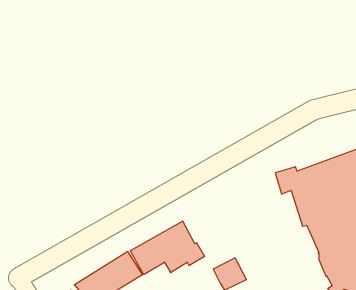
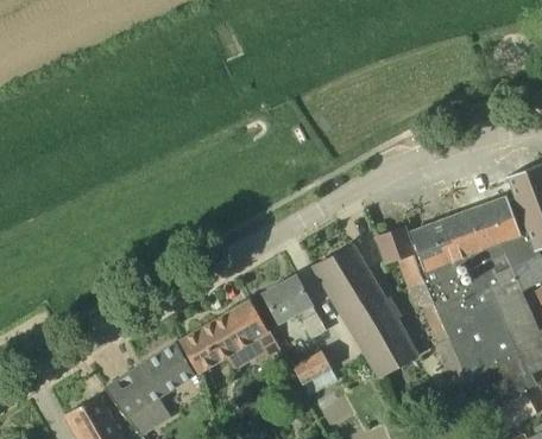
building: none -> [314,244,412,378]
building: none -> [263,275,326,338]

